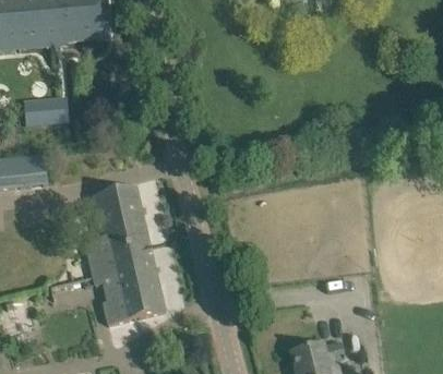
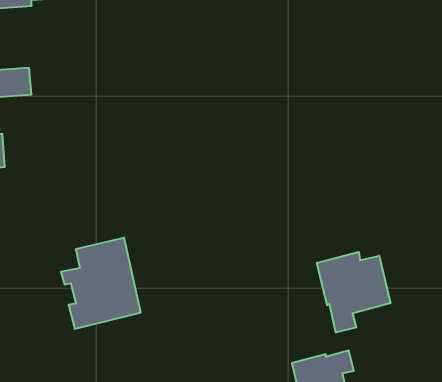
building: [86,188,148,274] -> none
building: none -> [317,252,390,333]

